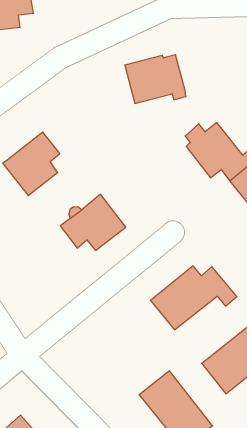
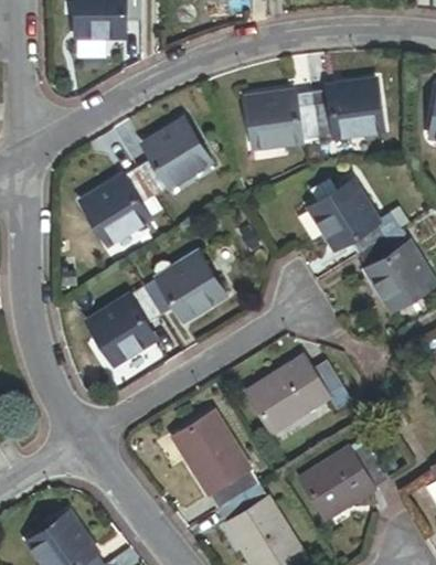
building: none -> [310,81,382,138]
building: none -> [136,119,211,198]
building: none -> [88,287,161,364]
building: none -> [172,411,257,507]

